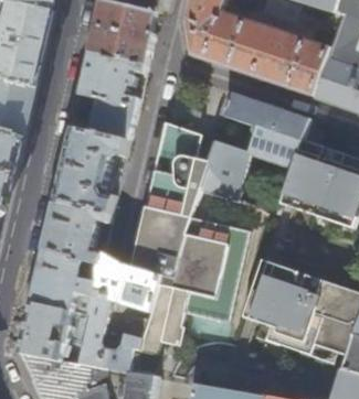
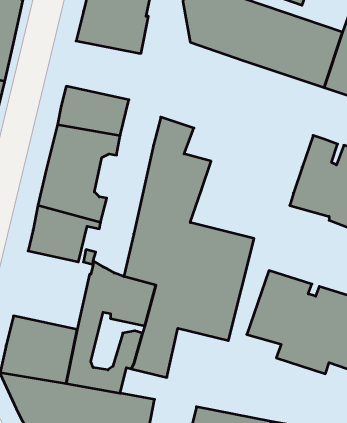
building: [80,54,145,107] -> none
building: [201,93,308,214] -> none
building: [32,251,101,313] -> none

